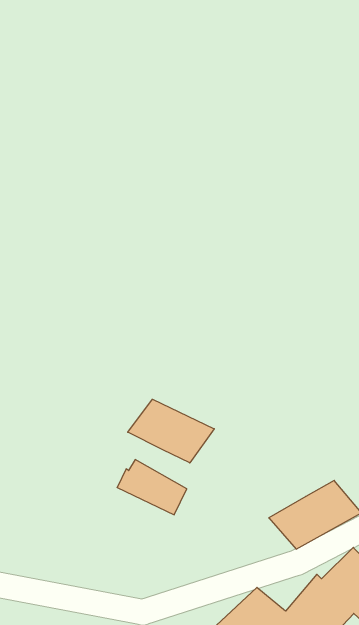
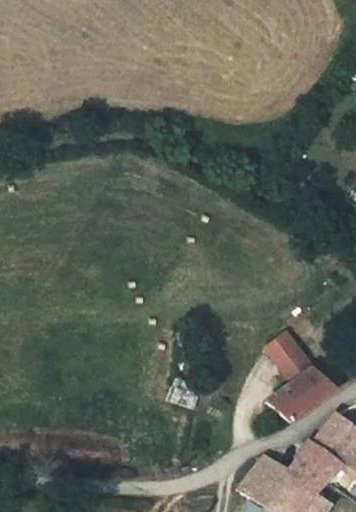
building: [128,399,214,463] -> none
building: none -> [267,333,313,382]

